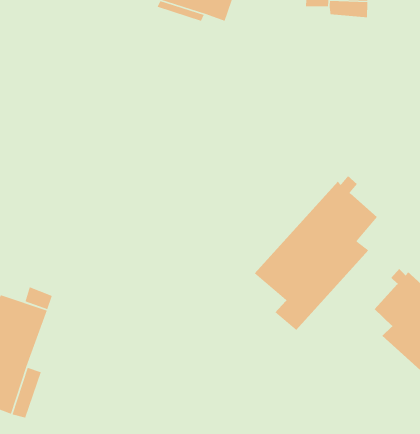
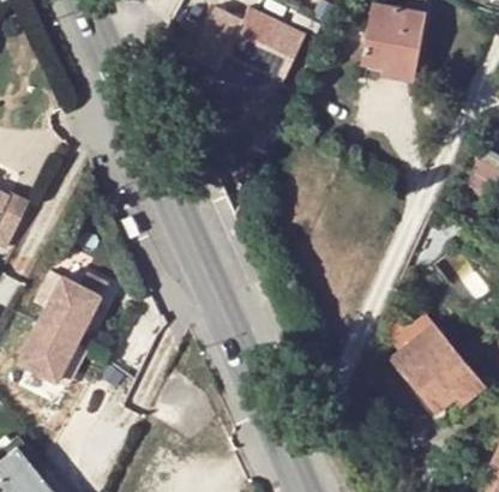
building: [254,175,378,331] -> none

